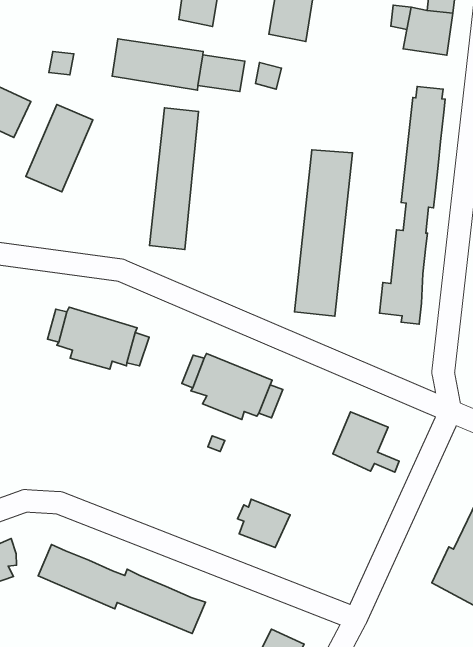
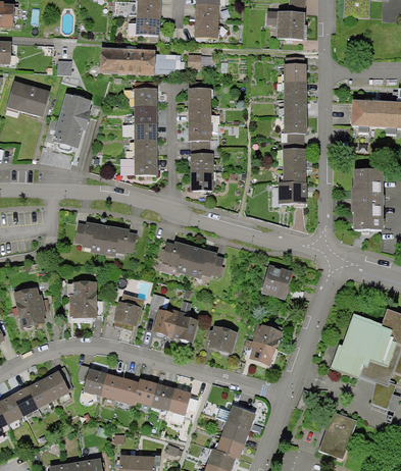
building: [294,150,353,316] -> [186,89,211,192]
building: none -> [67,280,97,317]
building: none -> [111,298,143,328]
building: none -> [149,295,196,345]
building: none -> [244,322,283,365]

